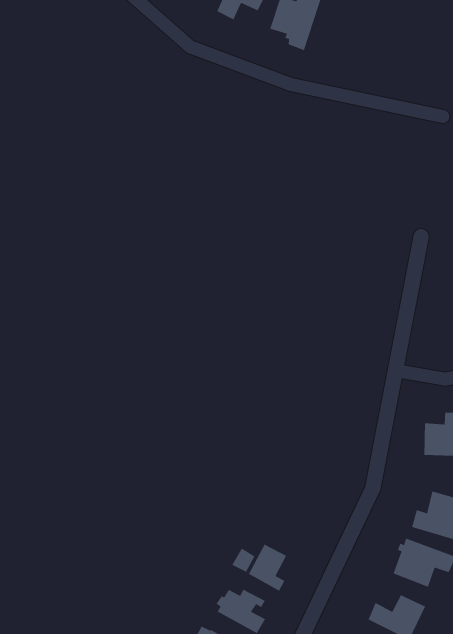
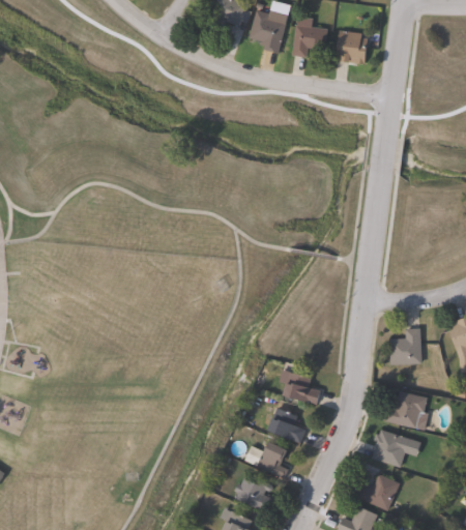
building: none -> [292,24,327,56]
building: none -> [334,29,368,63]
building: none -> [279,370,320,404]
building: none -> [268,407,305,443]

